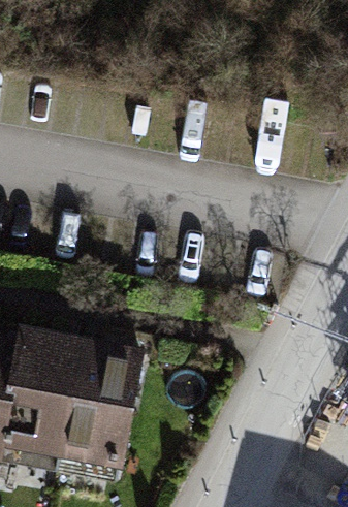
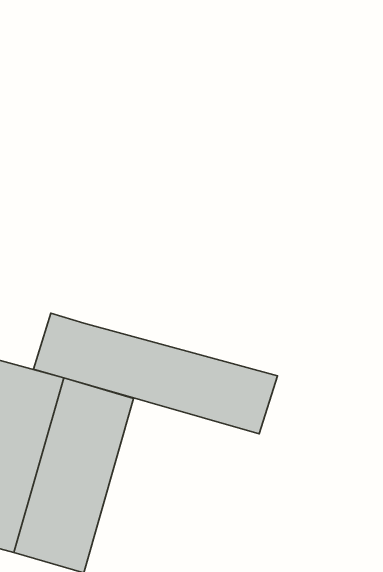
building: none -> [34,313,278,434]

